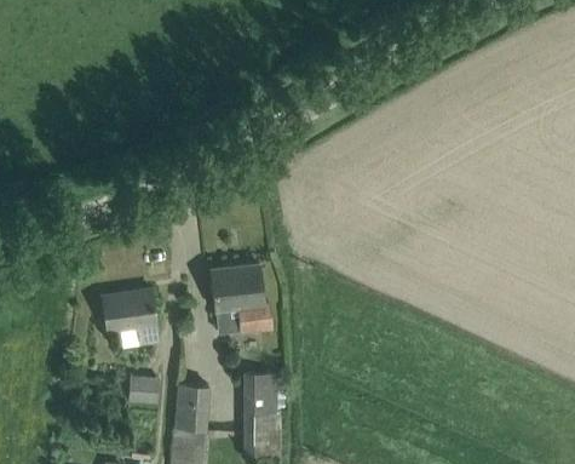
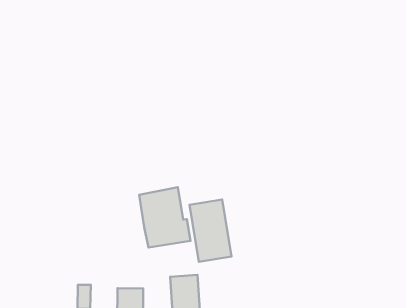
building: none -> [190,199,231,262]
building: [103,288,160,345] -> none

